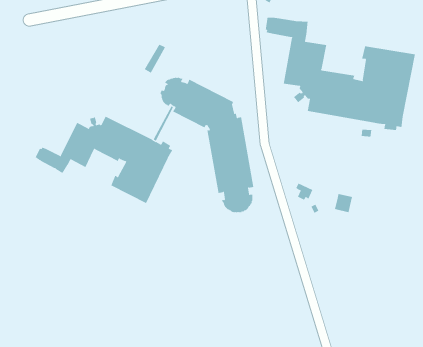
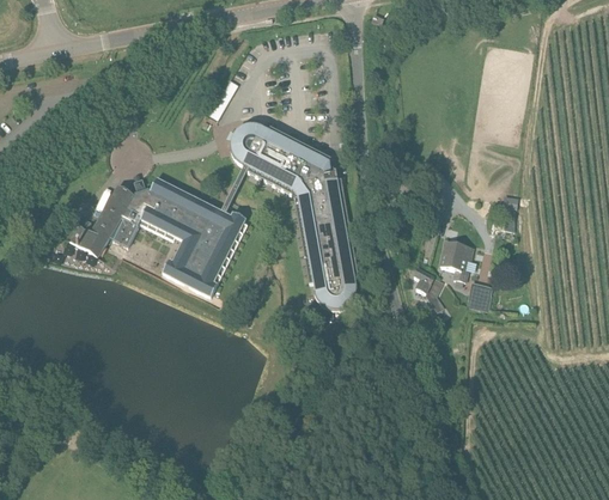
building: [265,17,415,131] -> none
building: none -> [439,239,471,280]

